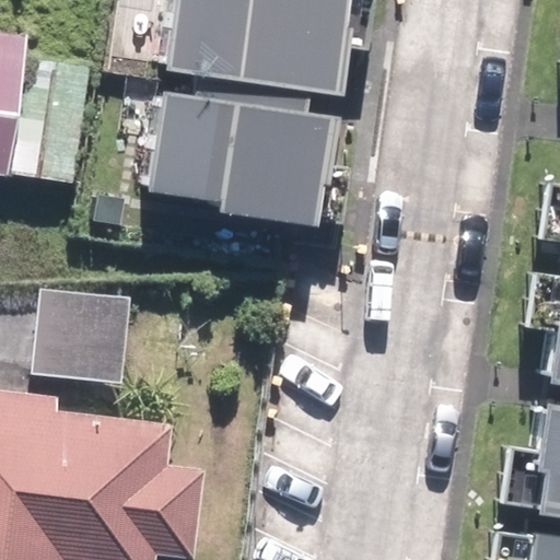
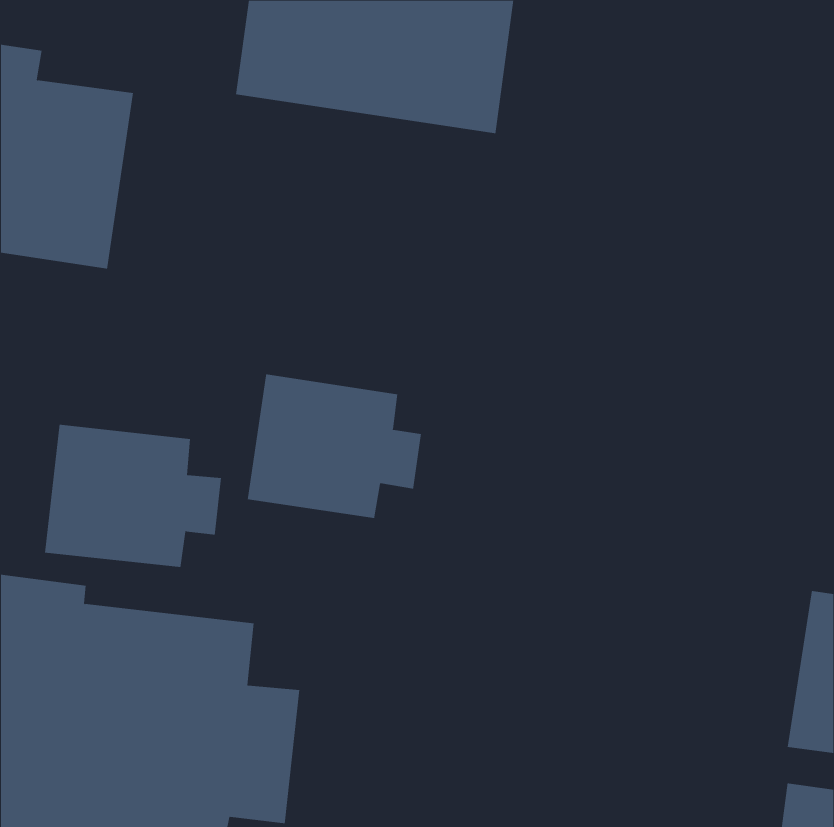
building: [144,90,328,224] -> none
building: none -> [247,373,422,519]

